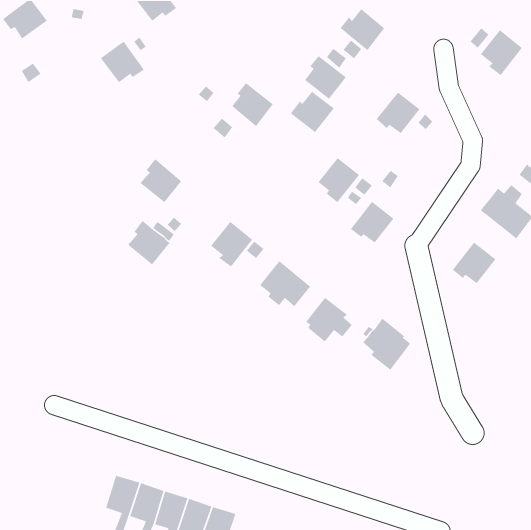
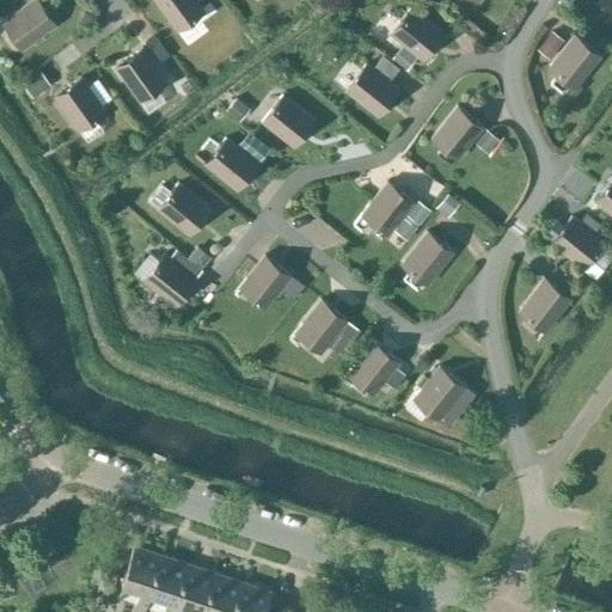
building: none -> [55,79,106,128]
building: [290,91,335,133] -> none
building: none -> [209,139,258,191]

